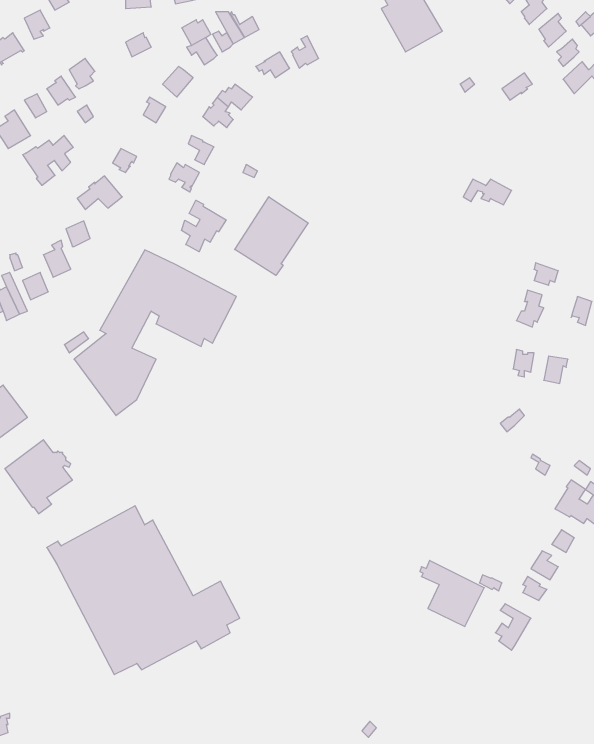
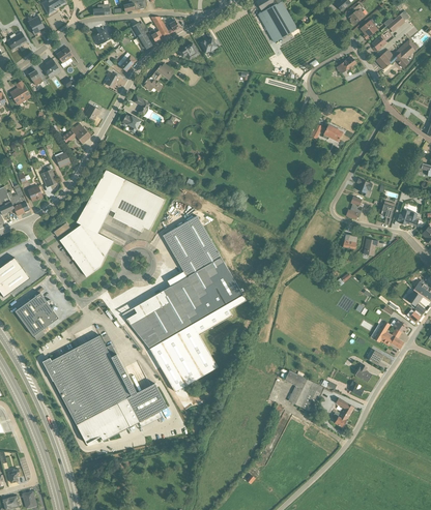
building: [23,135,73,185] -> none
building: [235,197,308,275] -> none
building: [181,200,226,252] -> none
building: none -> [125,215,246,390]

